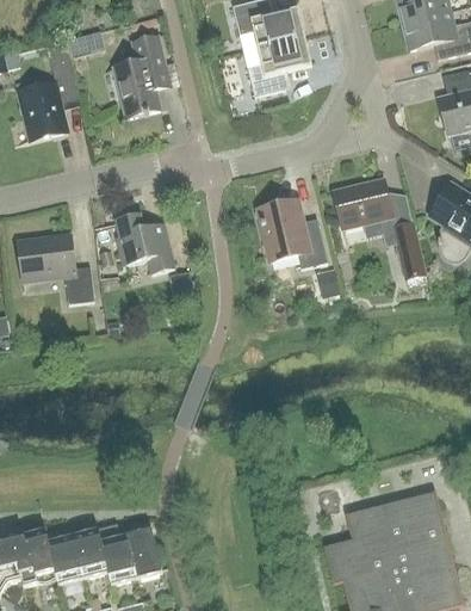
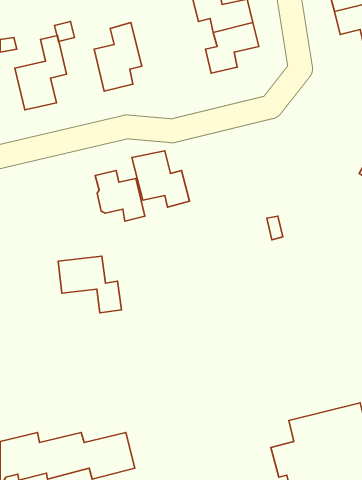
building: [333,178,392,227] -> none
building: [258,199,327,267] -> [132,151,189,207]
building: [392,221,424,277] -> none
building: [18,235,94,303] -> [58,256,122,313]

